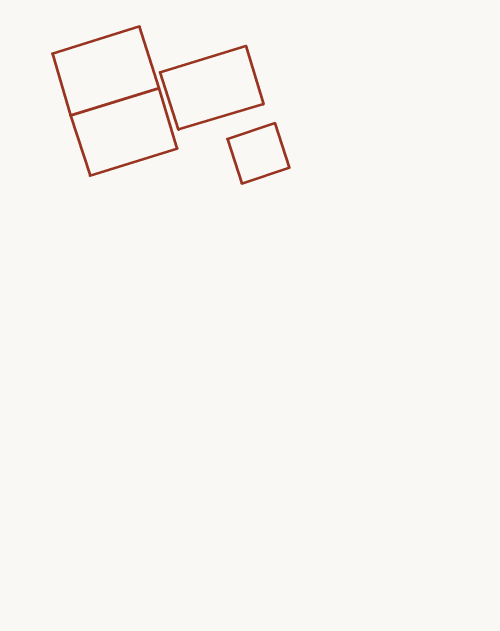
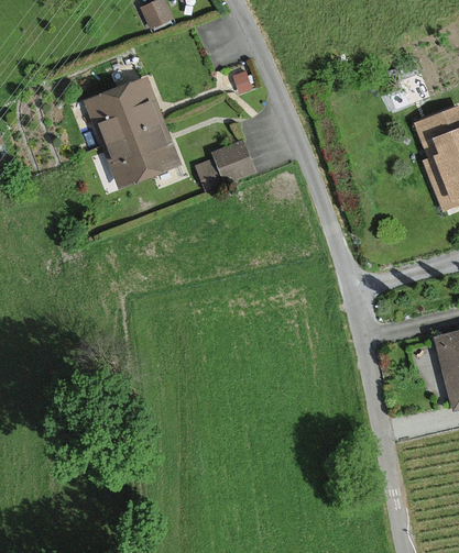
building: [160,46,263,130] -> none

